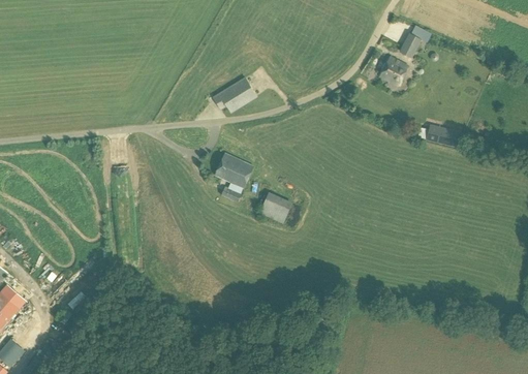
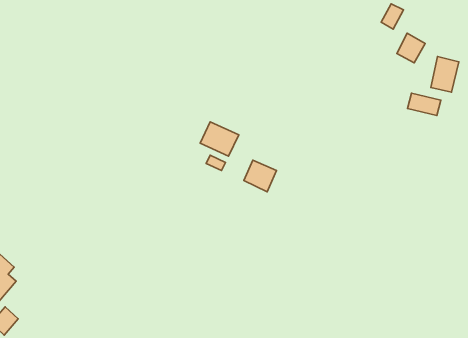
building: [378,56,407,86] -> [397,33,425,63]
building: [211,76,255,113] -> none
building: none -> [431,56,459,92]

